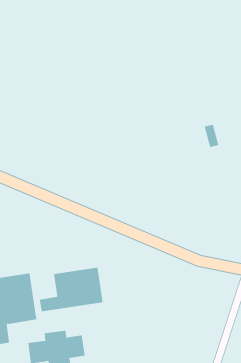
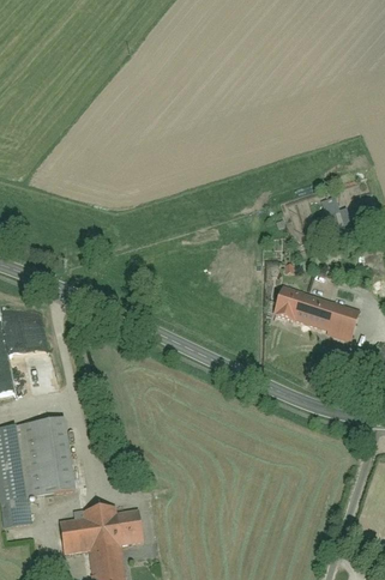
building: none -> [273,284,361,338]
building: [39,267,103,312] -> none

